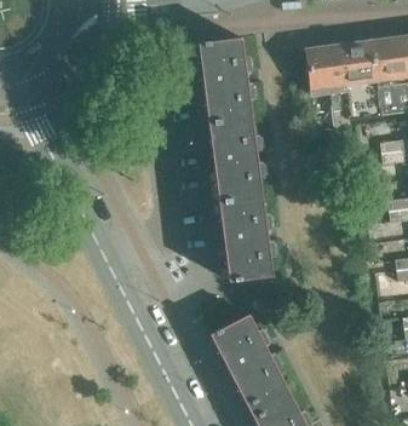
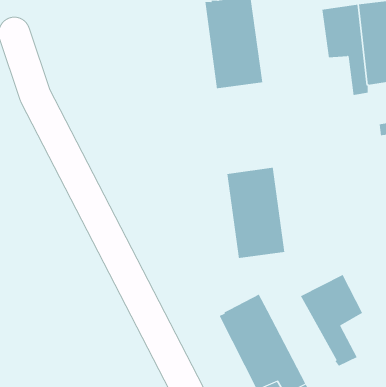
building: [207,116,260,201] -> none
building: none -> [300,274,363,366]

